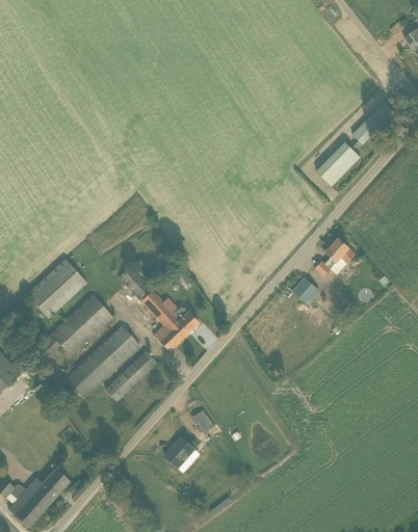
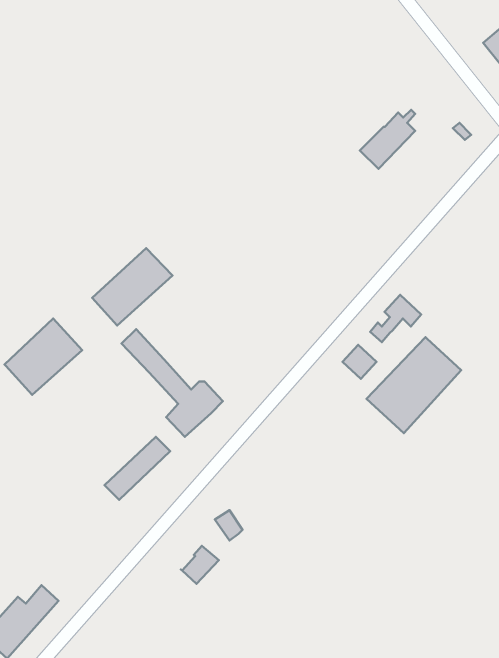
building: [317,139,361,186] -> [360,110,415,169]
building: none -> [367,337,461,433]
building: [50,294,113,355] -> [92,248,172,325]
building: [66,325,140,397] -> none

